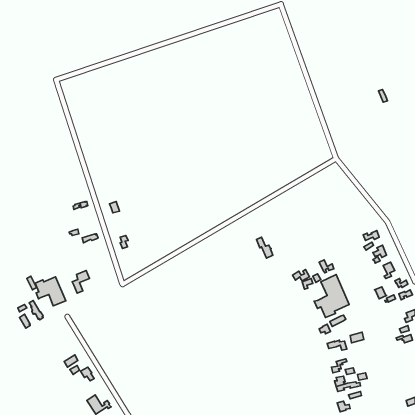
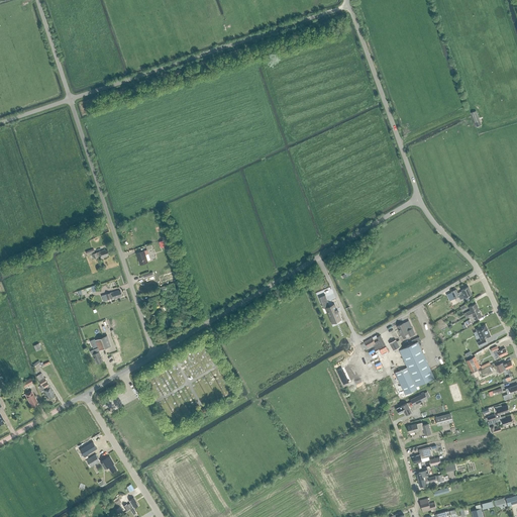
building: [35,277,66,306] -> none

